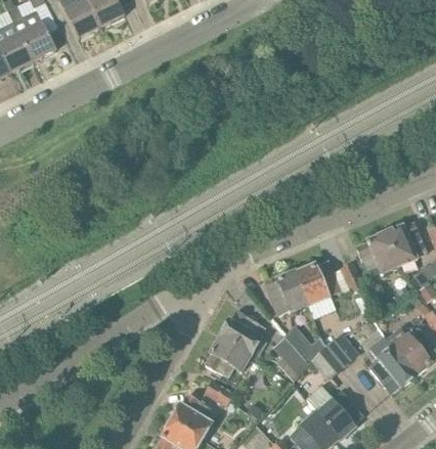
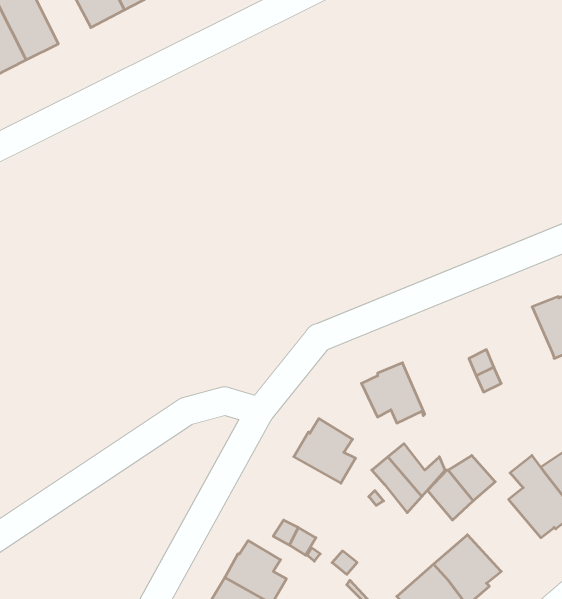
building: [356,232,399,276] -> none
building: [294,261,340,307] -> none
building: [205,336,251,377] -> none

